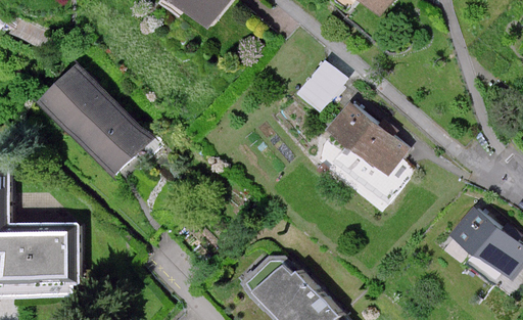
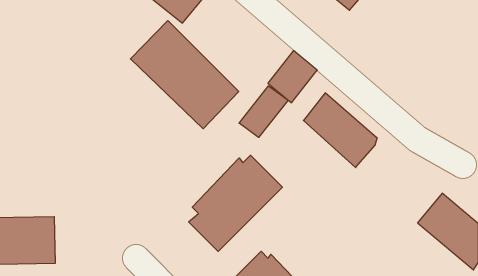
building: [39,61,151,174] -> [130,21,239,129]
building: none -> [239,86,288,137]
building: none -> [189,155,282,251]

